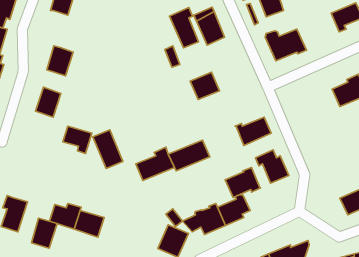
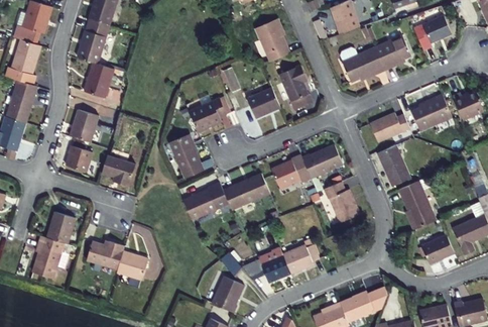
building: [170,7,199,48] -> [277,63,311,109]
building: none -> [82,24,116,67]
building: none -> [372,34,407,70]
building: none -> [192,98,229,132]
building: none -> [369,115,409,143]
building: none -> [64,141,91,168]
building: none -> [378,147,410,187]
building: [93,130,123,168] -> [171,133,206,178]
building: none -> [398,181,433,222]
building: [225,167,260,197] -> [272,156,313,191]
building: [32,218,57,248] -> [46,210,76,244]

